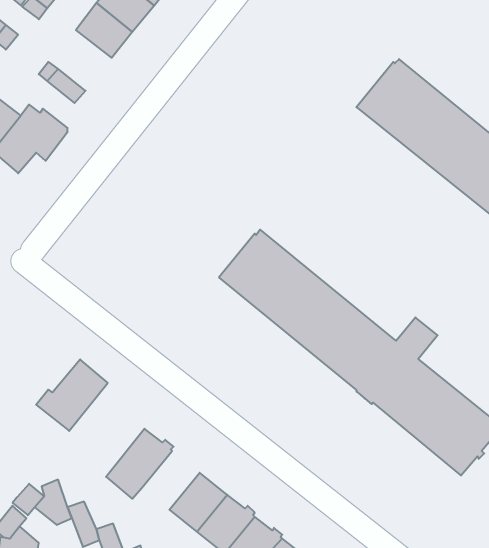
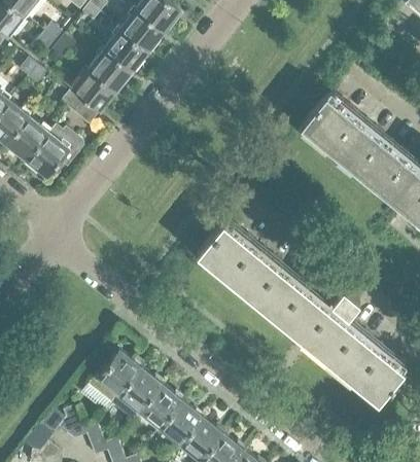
building: none -> [72,72,115,113]
building: [36,359,108,431] -> [86,353,140,406]
building: none -> [138,387,182,431]

